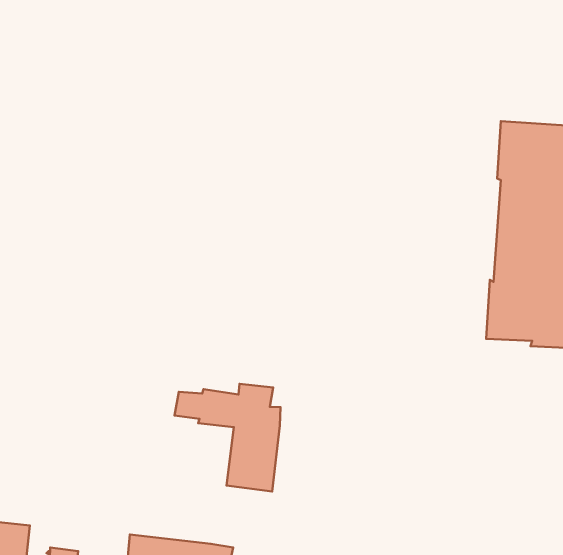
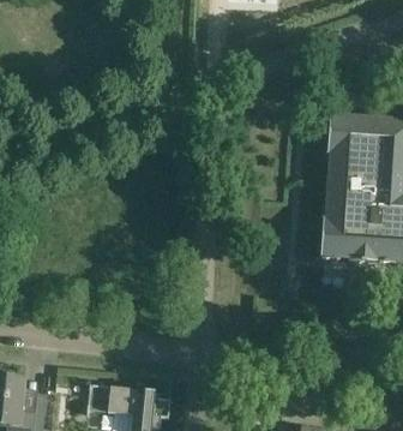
building: [174,384,280,492] -> none

